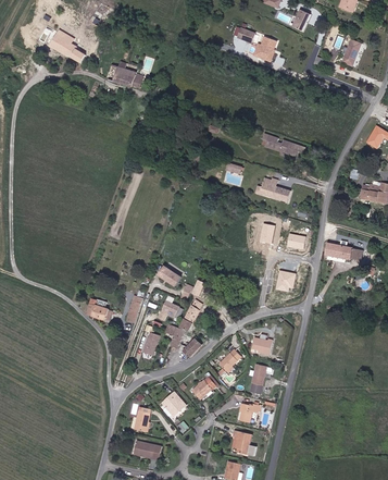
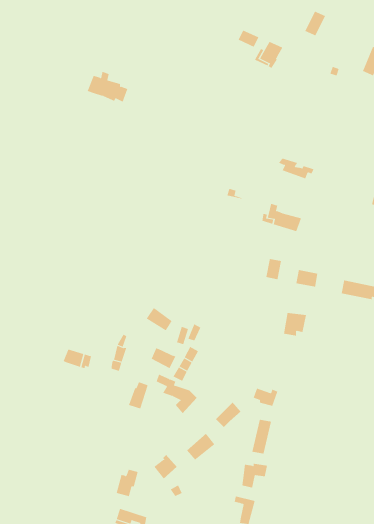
building: [50,29,89,62] -> none

